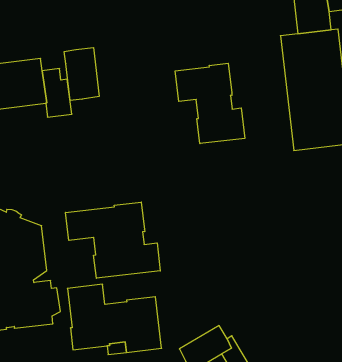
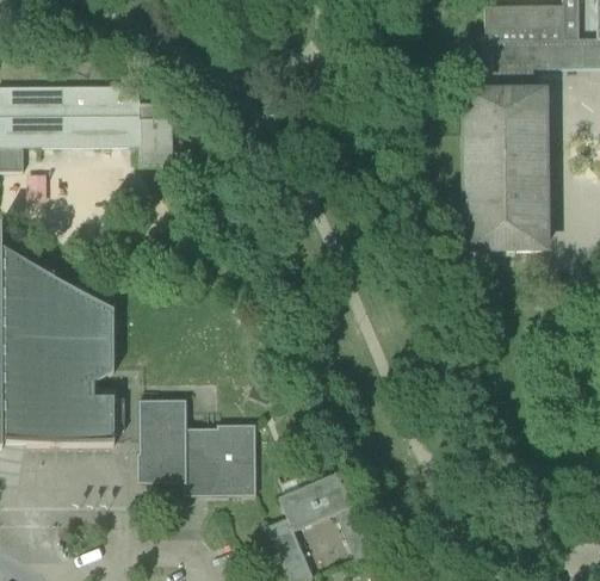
building: [64,48,99,101] -> none
building: [175,63,245,144] -> none
building: [66,202,160,278] -> none

